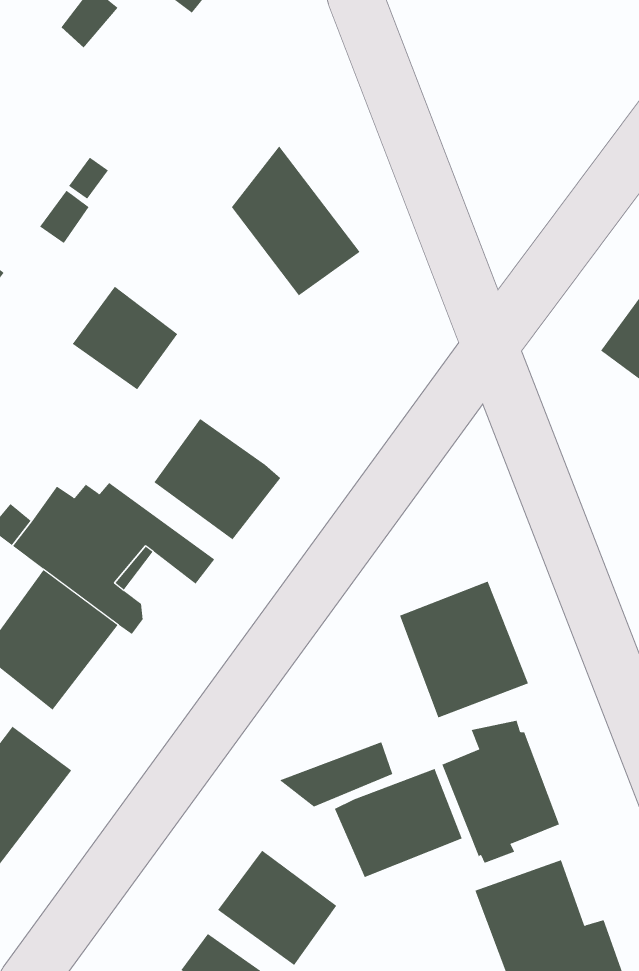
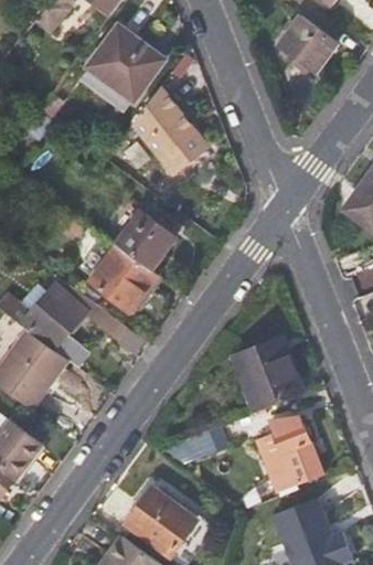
building: none -> [280,17,338,73]
building: none -> [89,24,167,100]
building: [72,286,178,390] -> [116,210,177,269]
building: [334,768,462,878] -> none

